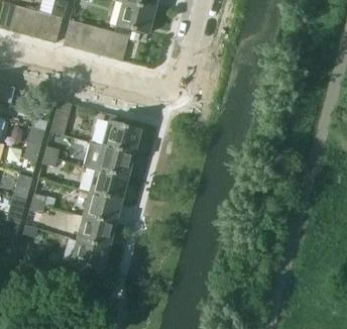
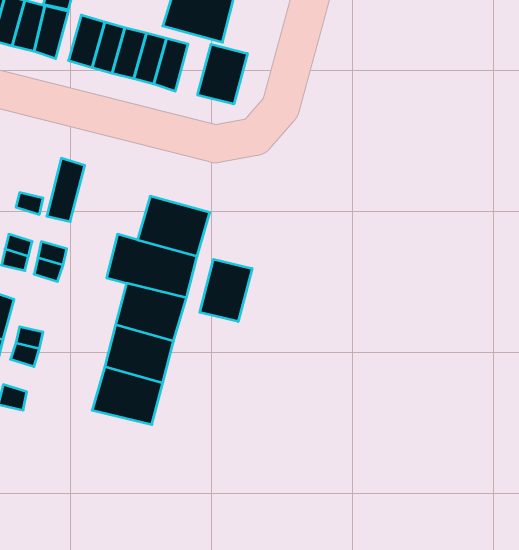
building: none -> [198,44,247,104]
building: none -> [200,259,252,322]
building: [70,238,109,270] -> none

